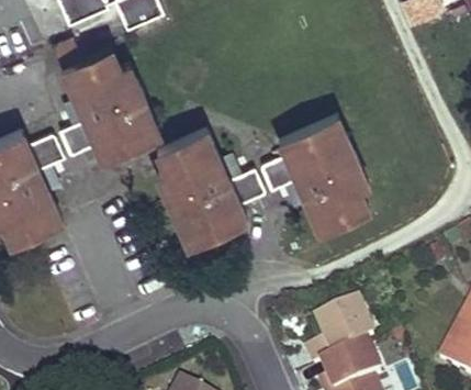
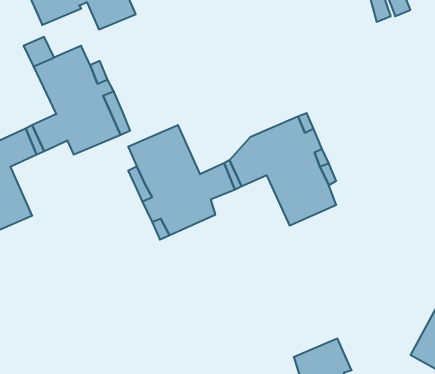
building: [306,302,374,367] -> none

